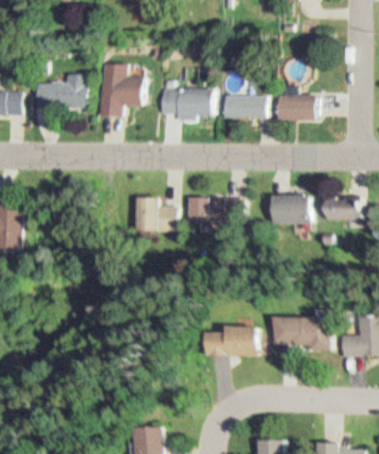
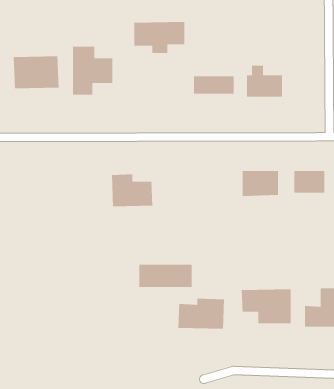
building: [161,87,215,121] -> [134,21,185,54]
building: [194,196,250,222] -> [139,264,192,288]

